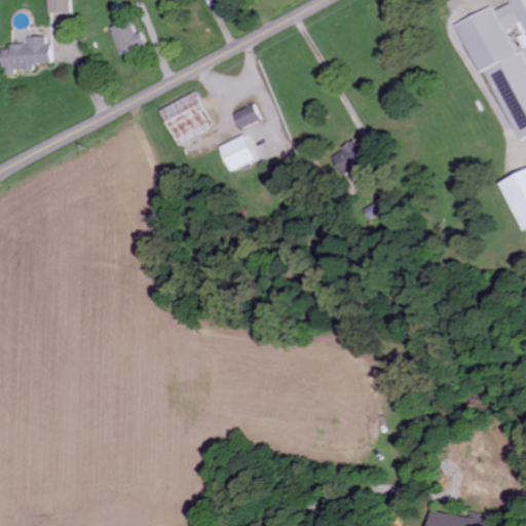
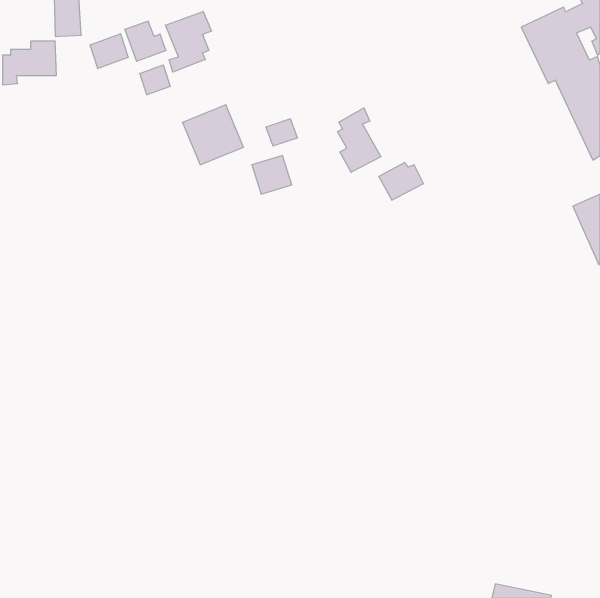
building: none -> [165,11,211,72]
building: none -> [90,34,128,69]
building: none -> [140,65,170,95]
building: none -> [338,108,381,172]

